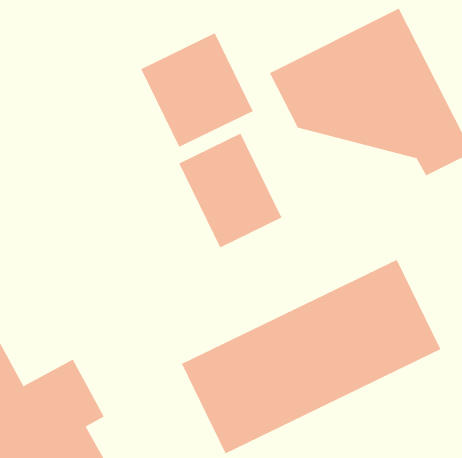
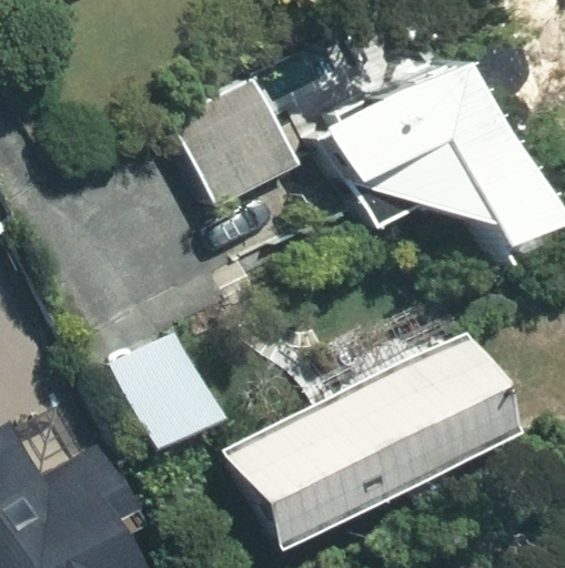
building: [178,132,283,249] -> none
building: none -> [114,334,225,453]

